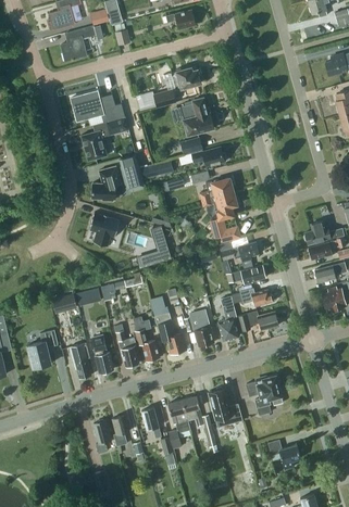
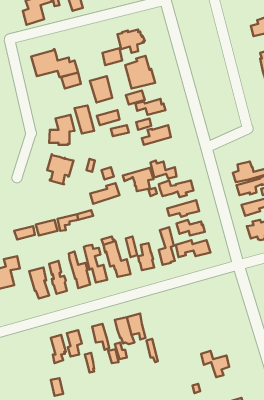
building: [80,129,107,160] -> [90,76,112,103]
building: [201,191,237,218] -> [123,168,154,191]
building: [246,373,283,415] -> none
building: [209,388,242,428] -> none

